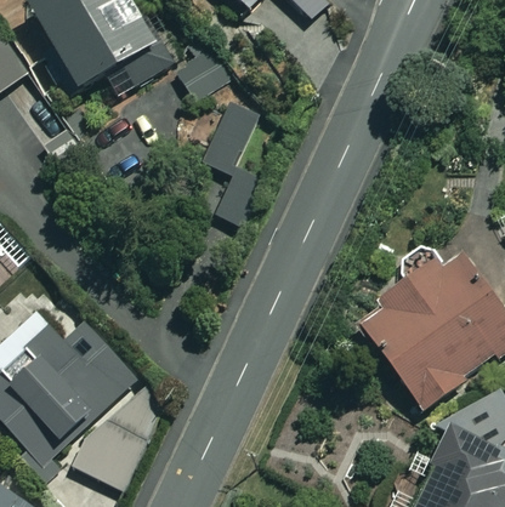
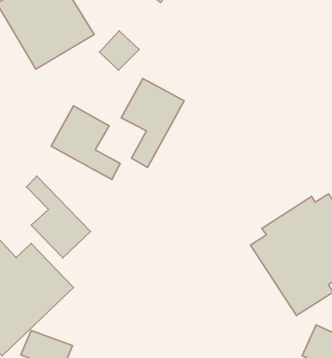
building: none -> [51,106,120,180]
building: none -> [27,176,90,258]

